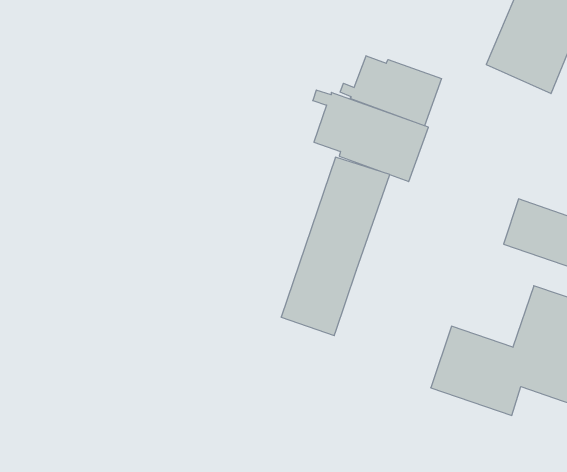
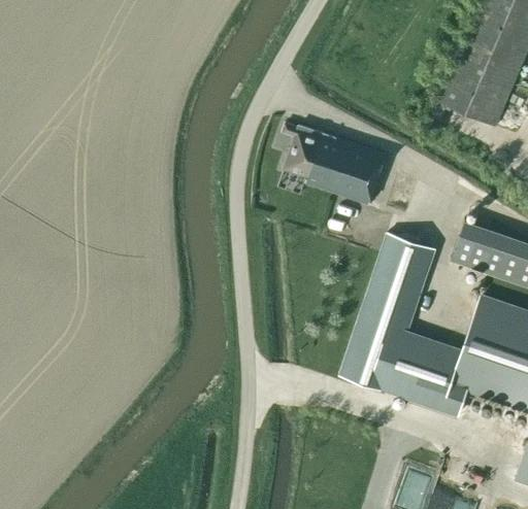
building: [340,56,442,126] -> none
building: [281,157,390,336] -> [339,233,436,392]

